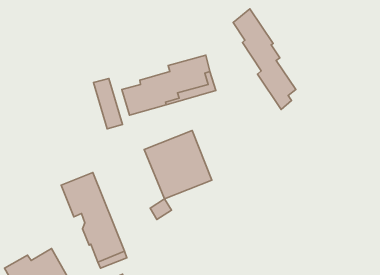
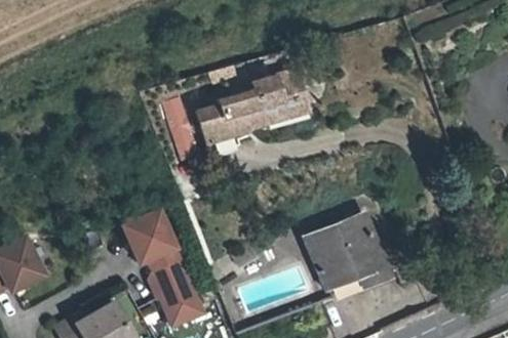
building: [233,9,296,109] -> none
building: [144,131,212,199] -> [306,215,387,297]

